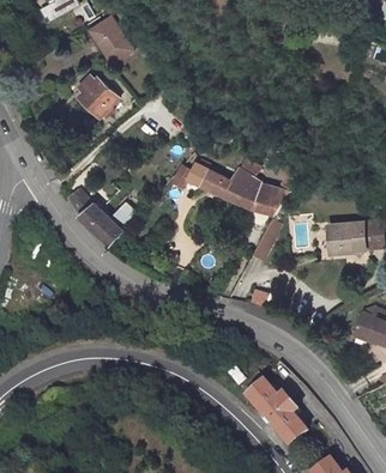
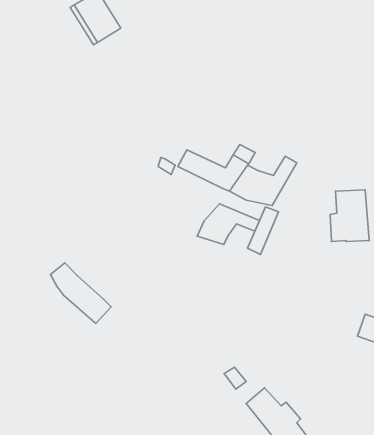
building: [78,72,119,116] -> none
building: [66,188,122,244] -> [50,263,111,324]
building: none -> [197,204,260,245]

